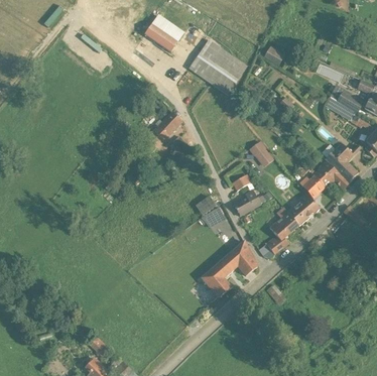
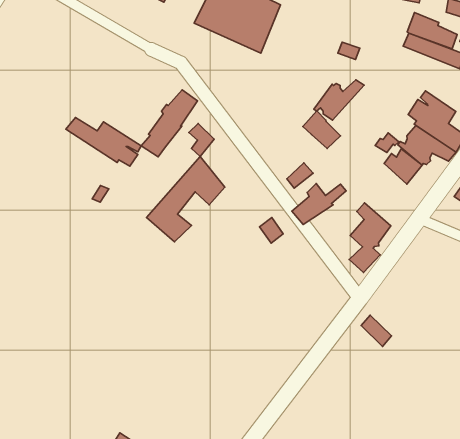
building: none -> [66,117,141,166]
building: none -> [314,80,364,120]
building: [286,194,319,225] -> none
building: [202,242,257,296] -> [146,156,225,242]

